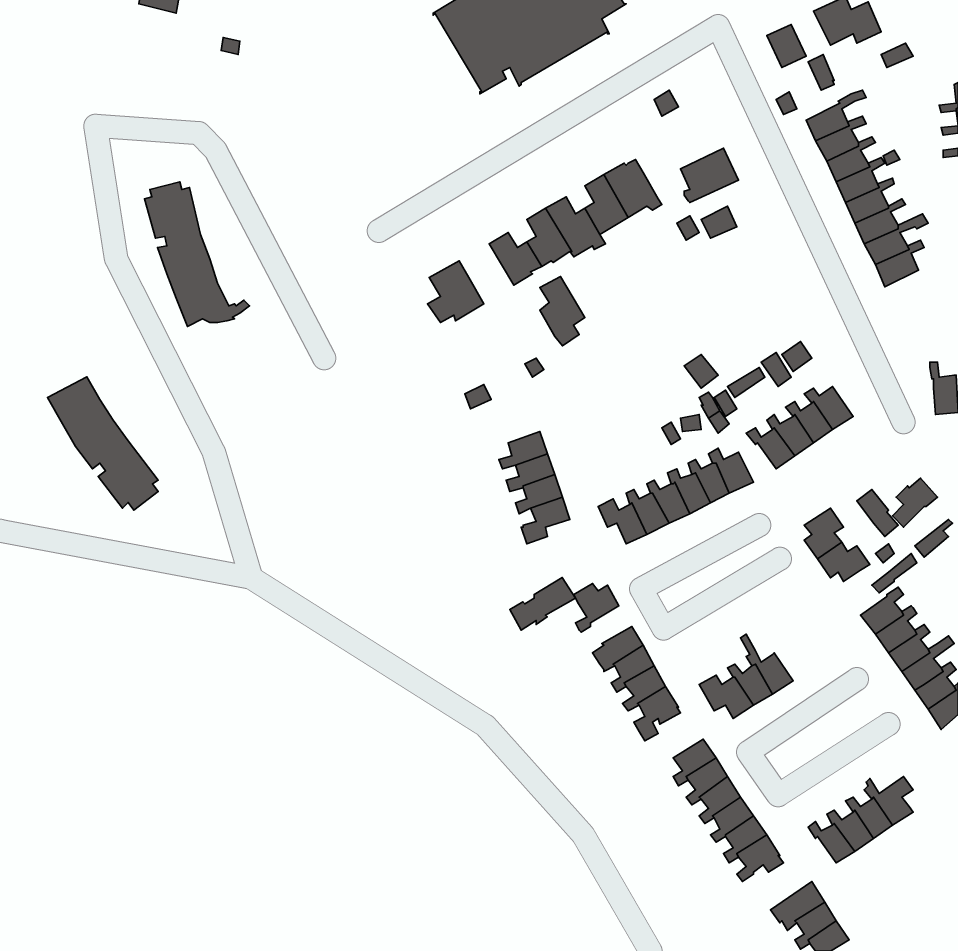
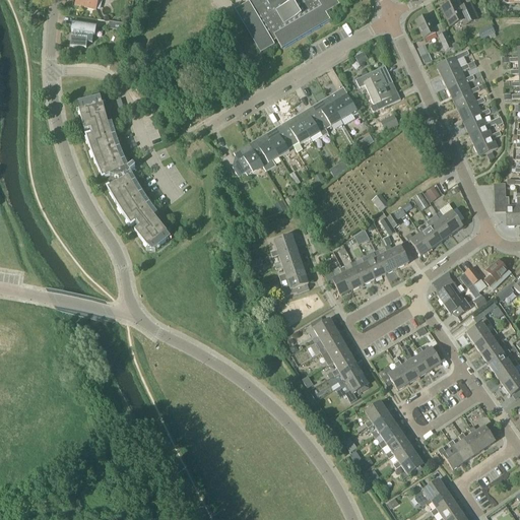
building: none -> [70,18,96,45]
building: none -> [355,64,392,91]
building: [540,276,585,346] -> [254,132,278,170]
building: [47,377,158,510] -> [107,175,167,247]
building: [510,578,575,630] -> [307,328,342,356]
building: none -> [415,343,444,369]

